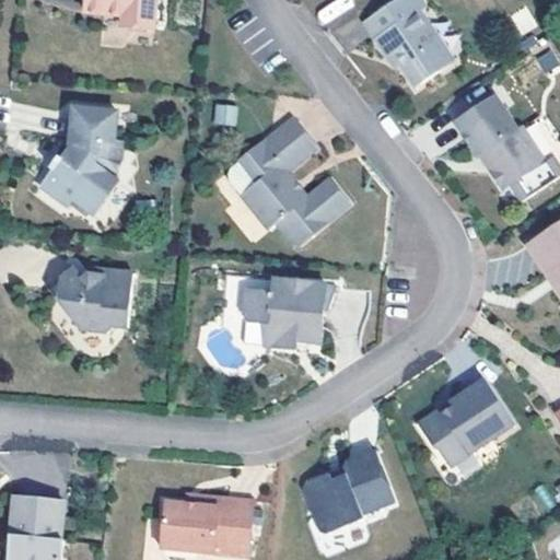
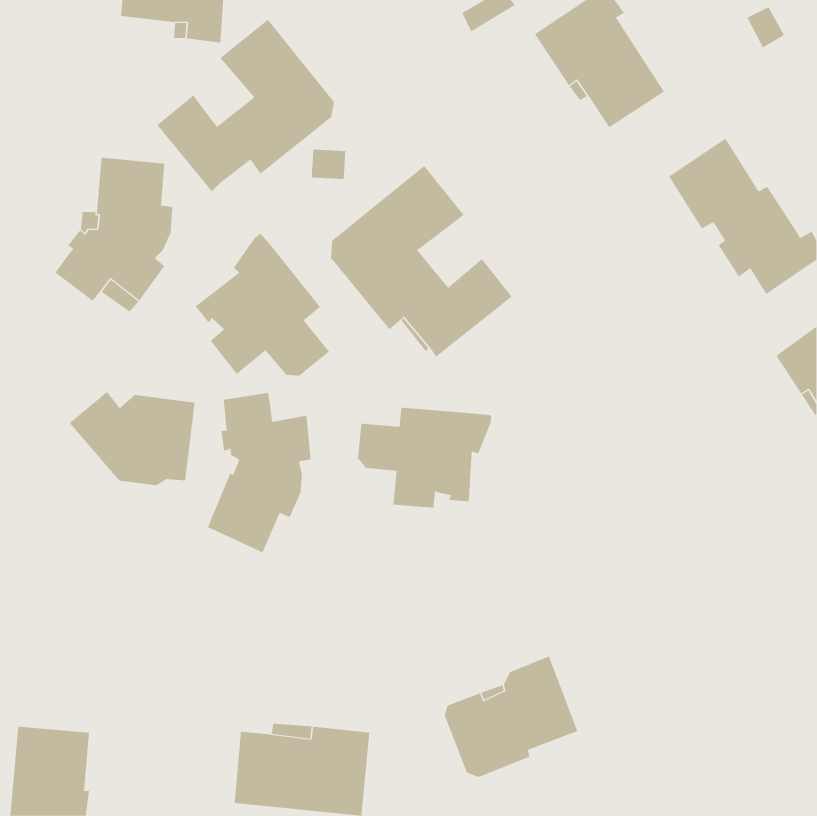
building: none -> [156,19,334,192]
building: none -> [195,233,330,377]
building: none -> [207,392,311,553]
building: [419,382,513,466] -> none

